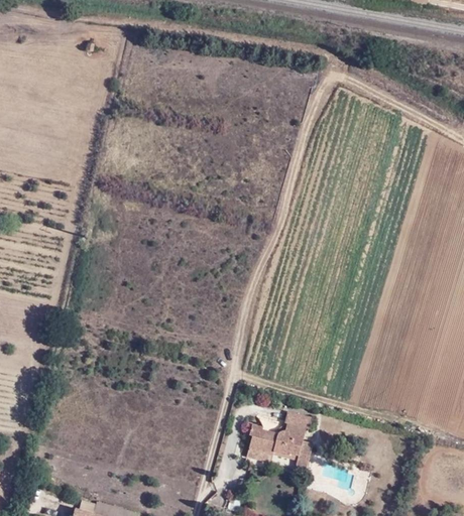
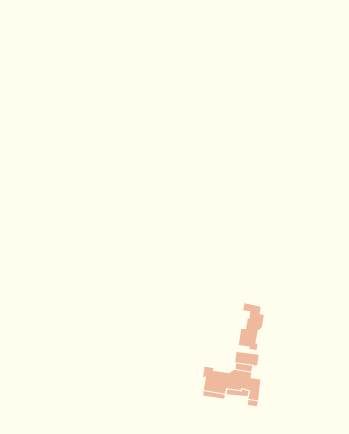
building: none -> [238,302,264,351]

